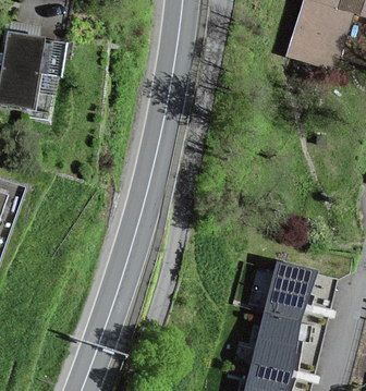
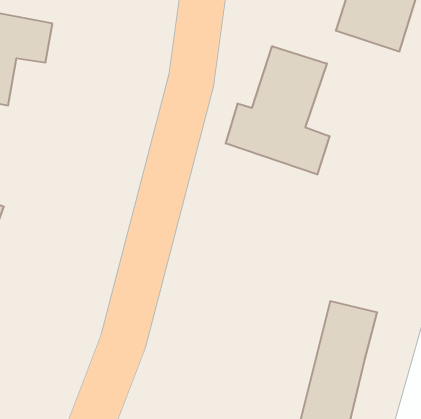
building: none -> [226,46,330,175]

